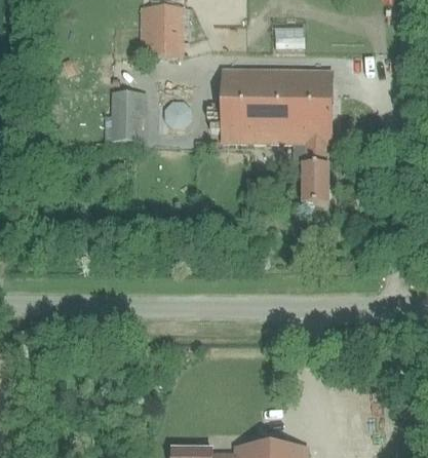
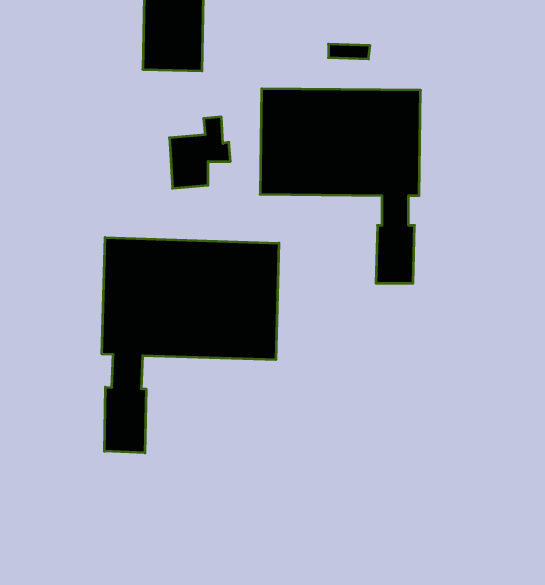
building: [104,90,142,140] -> none
building: none -> [102,237,279,453]

